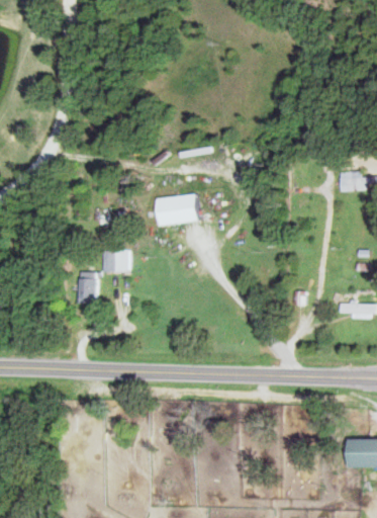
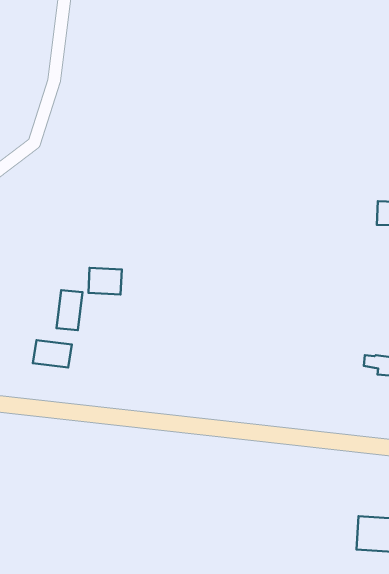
building: [156,194,198,226] -> none
building: none -> [33,340,72,368]

